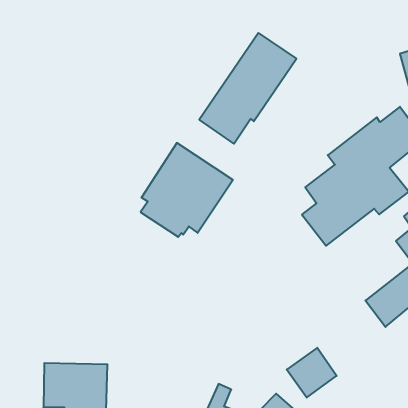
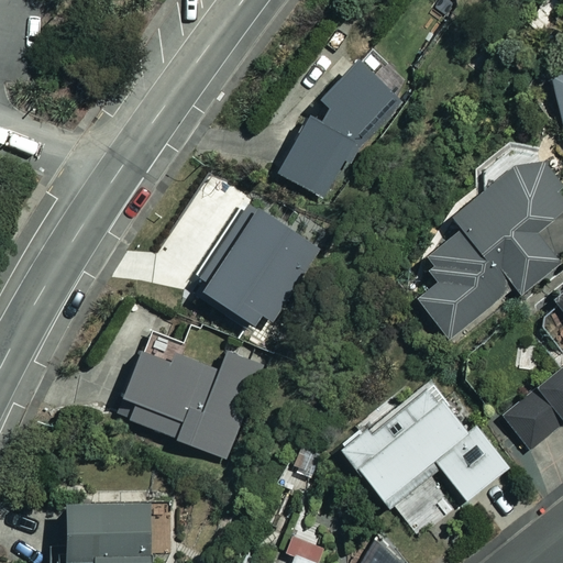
building: none -> [121,347,268,462]
building: none -> [340,375,509,507]

